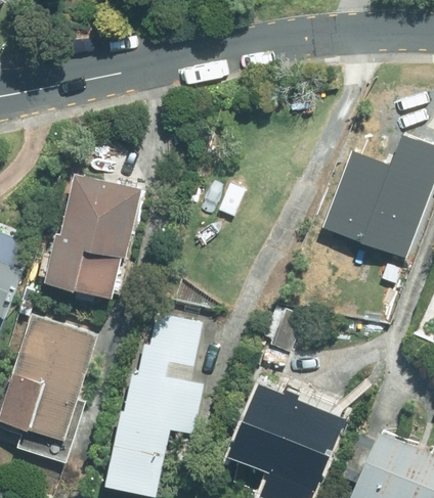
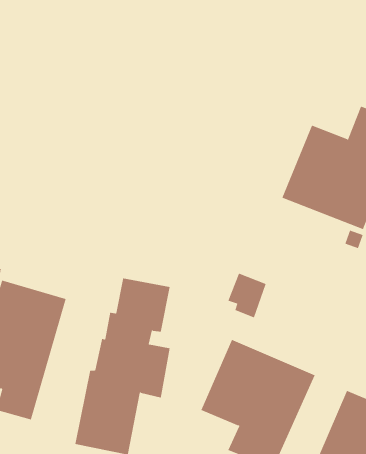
building: [47,171,143,296] -> none

